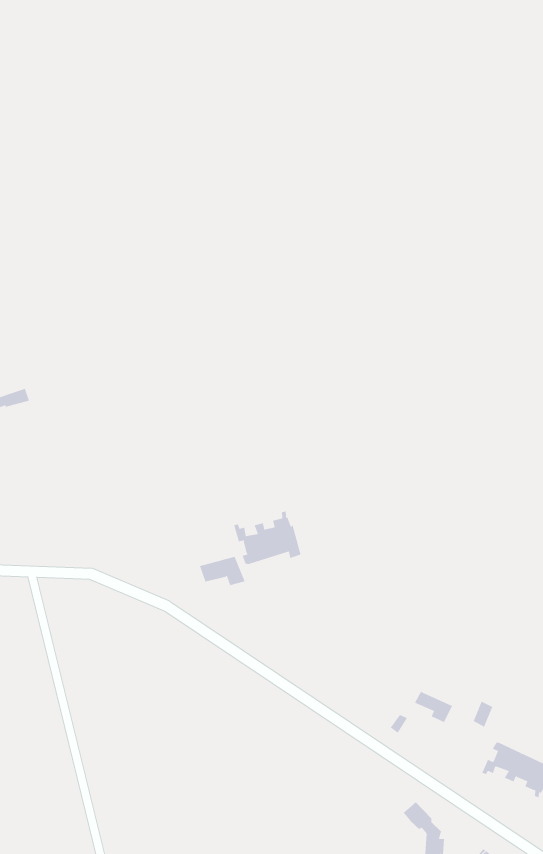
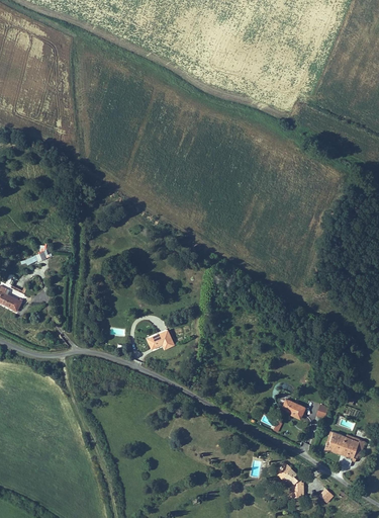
building: [234,511,301,565] -> none

